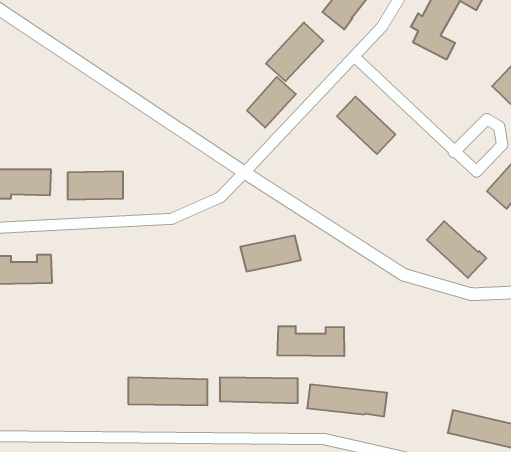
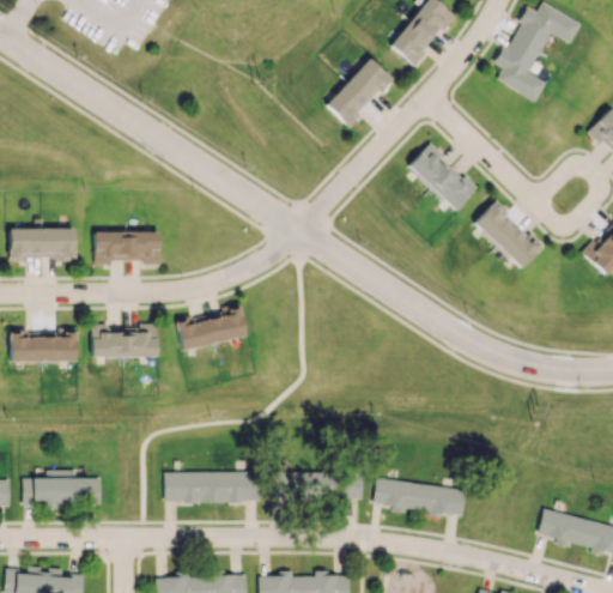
building: [247,77,296,128] -> none
building: [427,221,486,278] -> [474,202,544,268]
building: [240,235,301,271] -> [176,308,247,350]
building: none -> [92,323,157,357]
building: [278,326,344,356] -> none
building: none -> [23,474,102,504]

